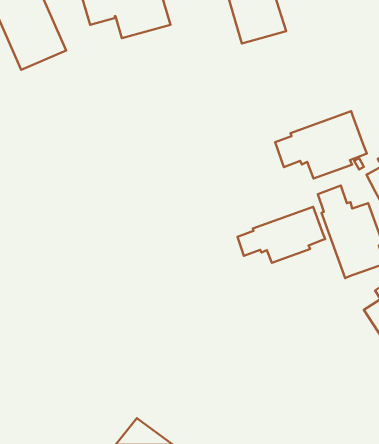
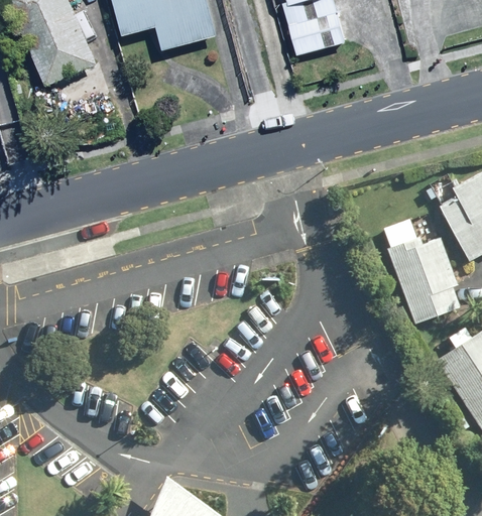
building: [275,111,367,179] -> none
building: [237,207,325,263] -> none

